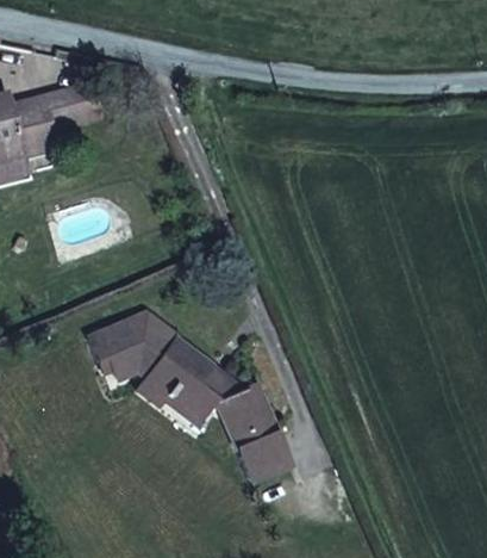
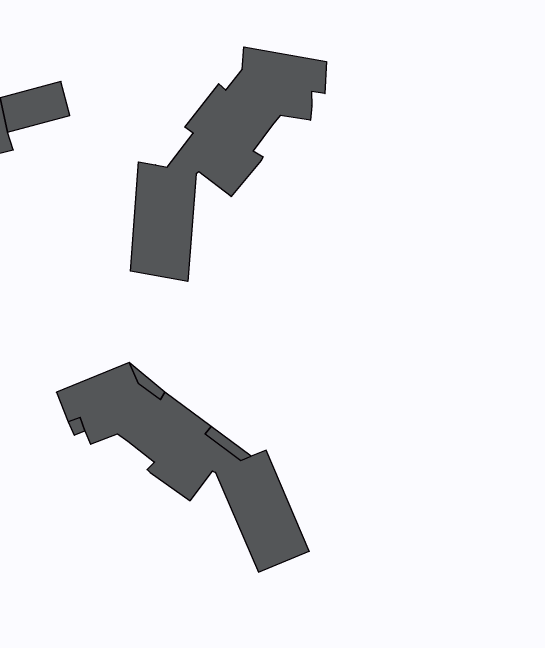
building: none -> [130,47,326,281]

